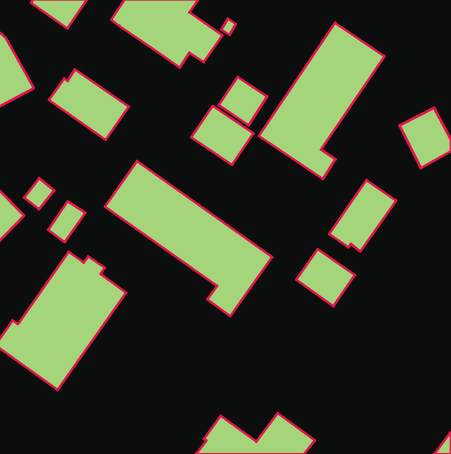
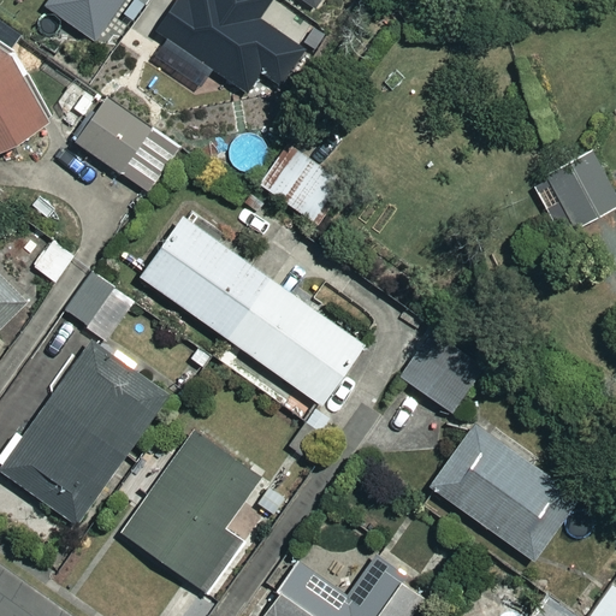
building: [259,23,384,179] -> none
building: [219,77,267,125] -> none
building: [329,180,396,251] -> none
building: none -> [431,427,576,561]
building: none -> [122,432,259,588]

